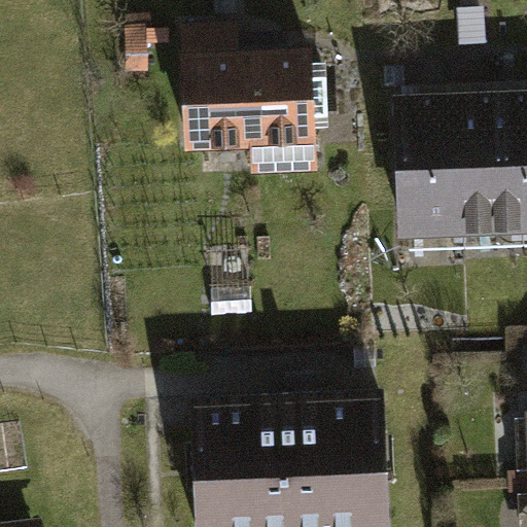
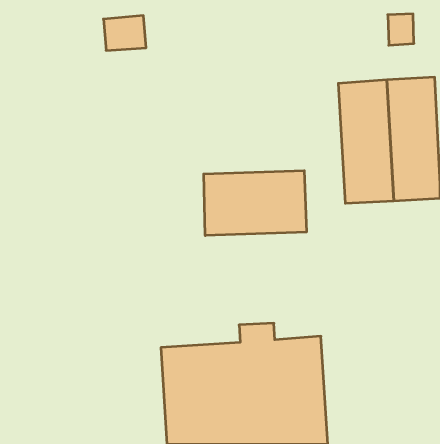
building: [184,35,325,182] -> none
building: none -> [204,171,306,236]

